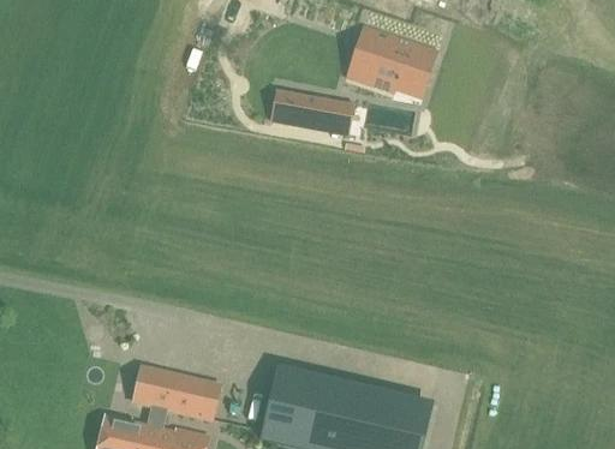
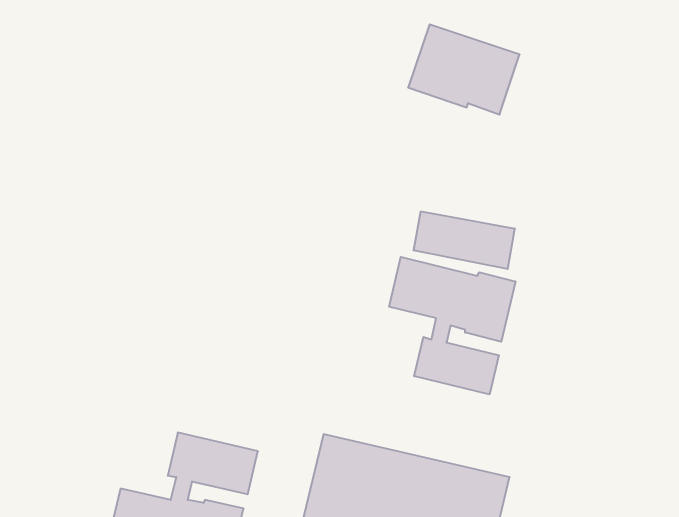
building: [269,90,354,138] -> [413,212,515,269]
building: none -> [389,257,515,394]

